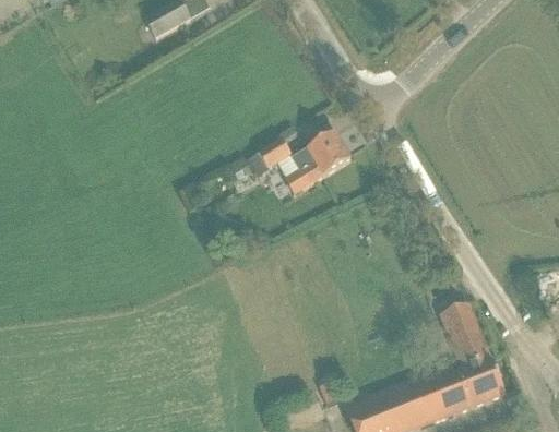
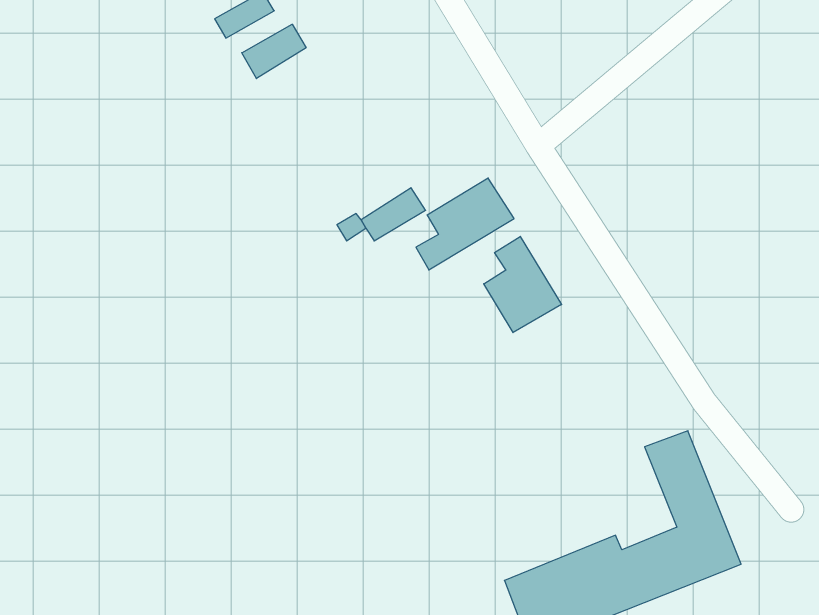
building: none -> [242,24,306,79]
building: none -> [484,236,562,333]

